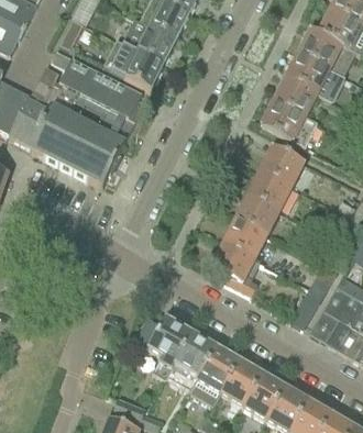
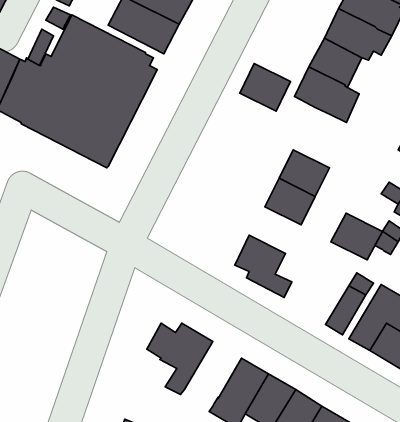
building: [261,144,304,185] -> [240,63,290,111]
building: [223,218,267,257] -> [331,213,383,260]
building: [168,332,217,387] -> none

